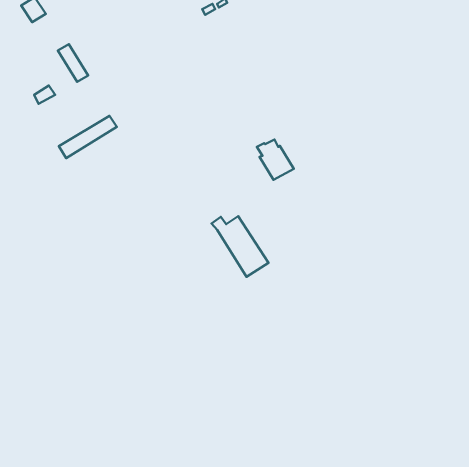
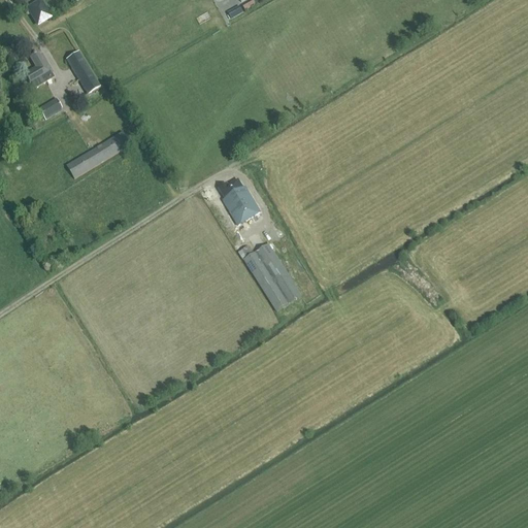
building: none -> [24,51,54,88]
building: [257,139,294,180] -> [219,178,260,224]

